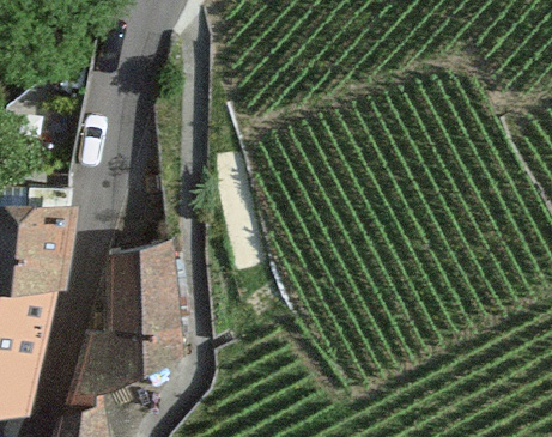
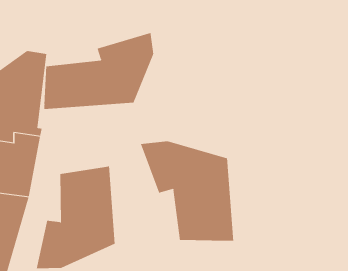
building: none -> [44,32,154,110]
building: none -> [140,140,234,241]

